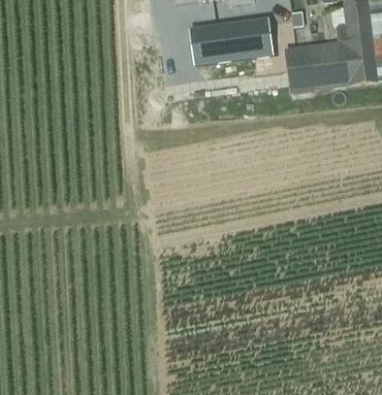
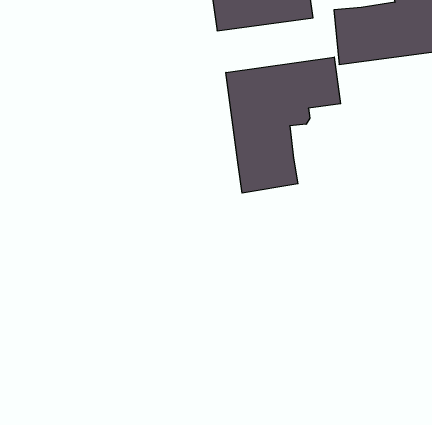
building: none -> [226,57,341,193]

